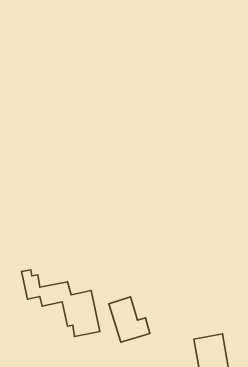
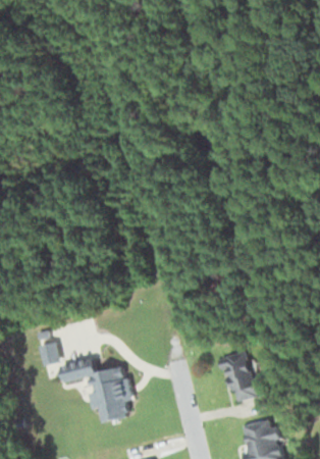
building: [109,297,150,342] -> [222,349,270,402]

